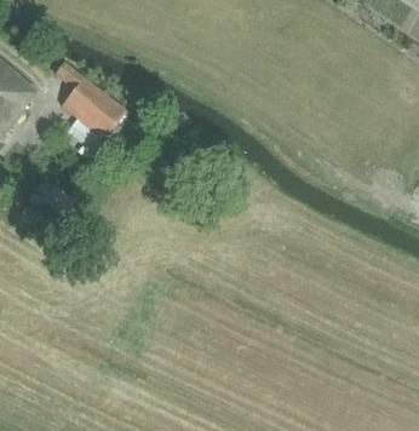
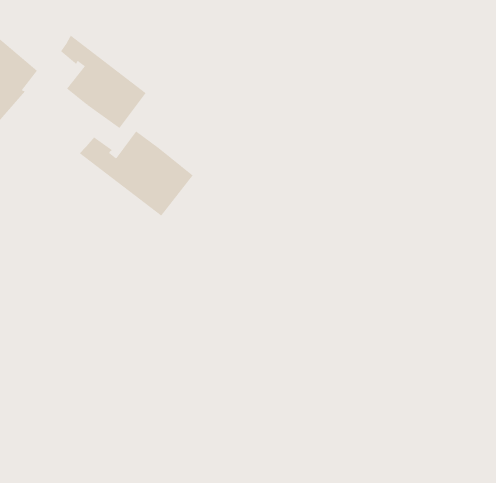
building: none -> [79,130,193,217]

